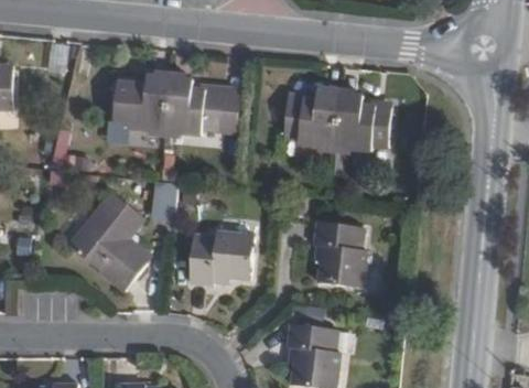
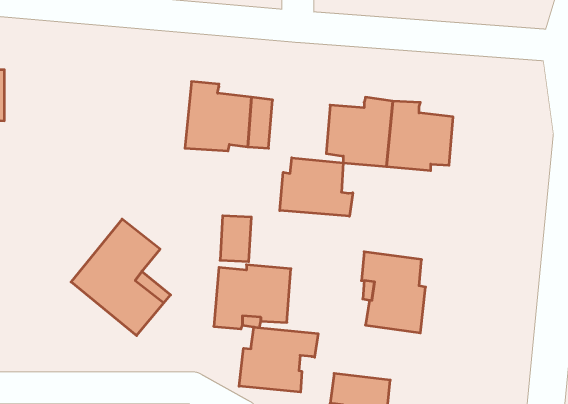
building: [114,75,171,133] -> none
building: none -> [280,158,353,216]
building: [154,183,181,222] -> [220,216,251,262]
building: none -> [239,327,318,392]

